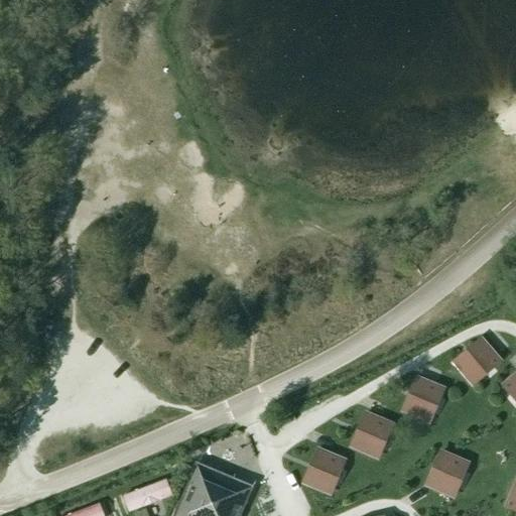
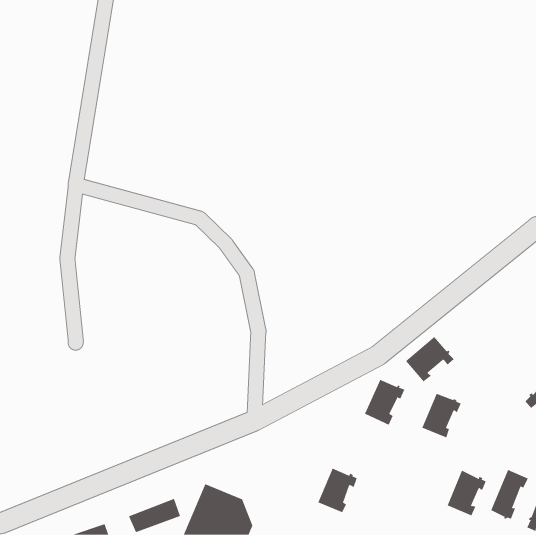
building: [455,339,502,383] -> [405,336,455,382]
building: [353,412,392,457] -> [364,379,405,425]
building: none -> [490,469,529,519]

